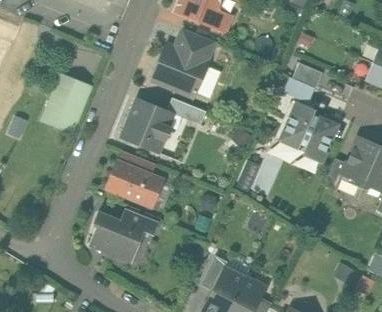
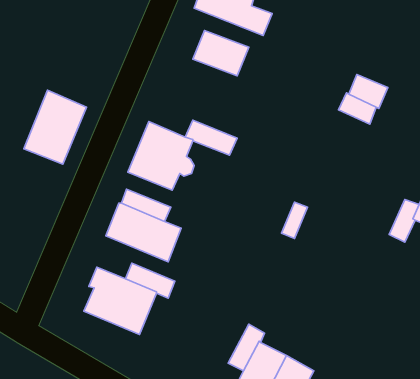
building: [151,50,208,94] -> none
building: [280,103,337,162] -> none

